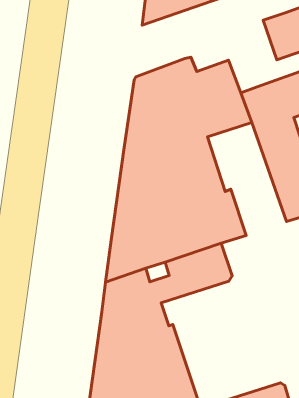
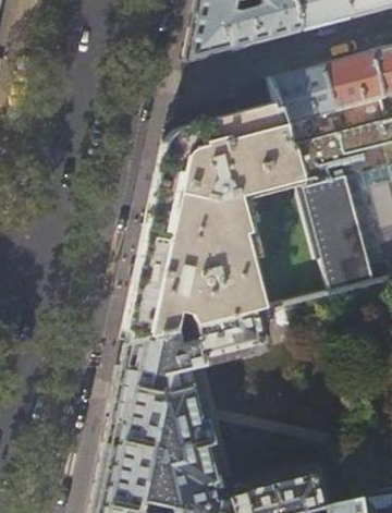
building: none -> [273,66,335,145]

